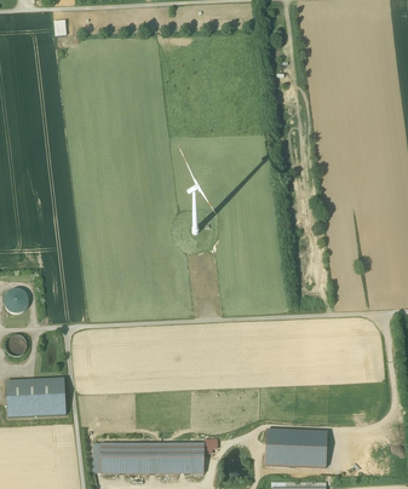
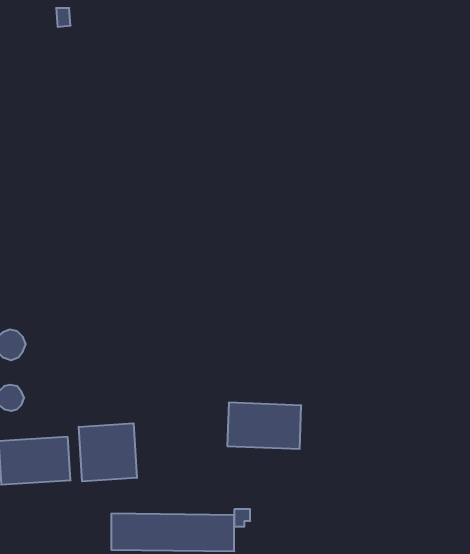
building: none -> [79,423,137,481]
building: [264,428,326,467] -> [227,403,301,449]

